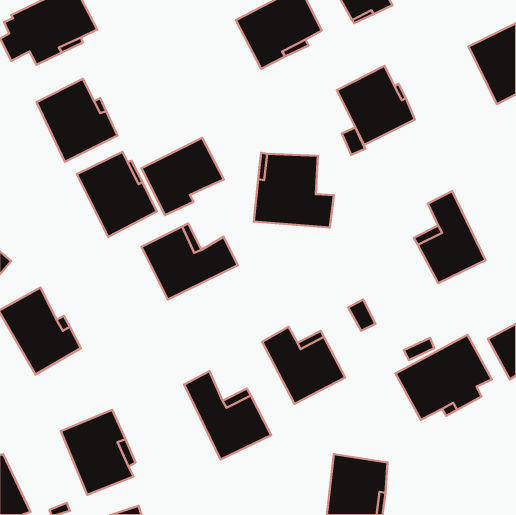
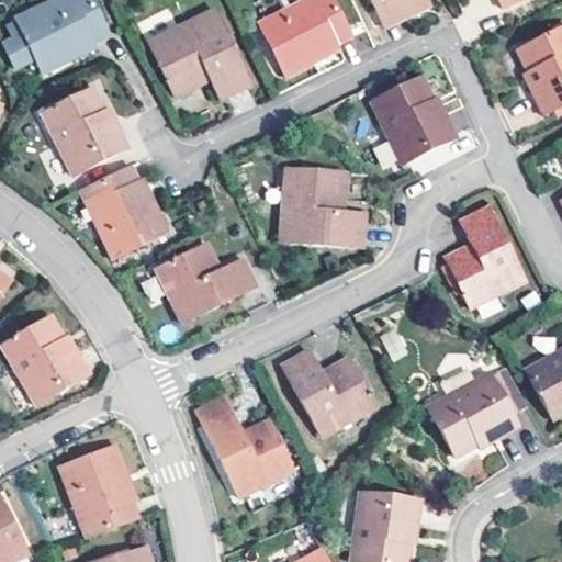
building: none -> [146,5,247,98]
building: [141,138,224,215] -> none

